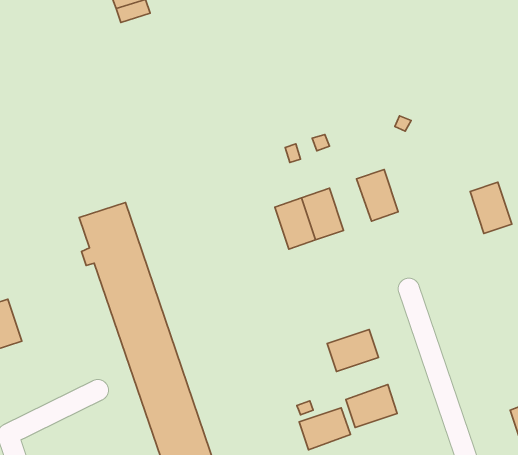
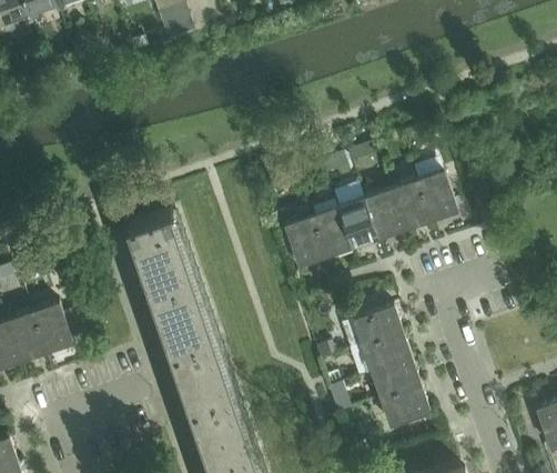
building: none -> [364,189,404,238]
building: [470,182,512,233] -> [416,171,456,220]
building: none -> [283,207,325,265]
building: none -> [352,305,402,345]
building: [299,408,351,450] -> [371,359,419,399]

